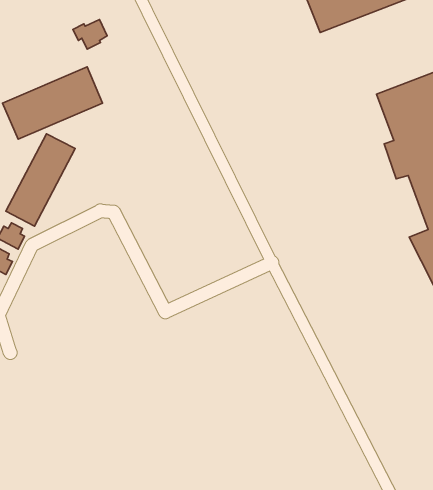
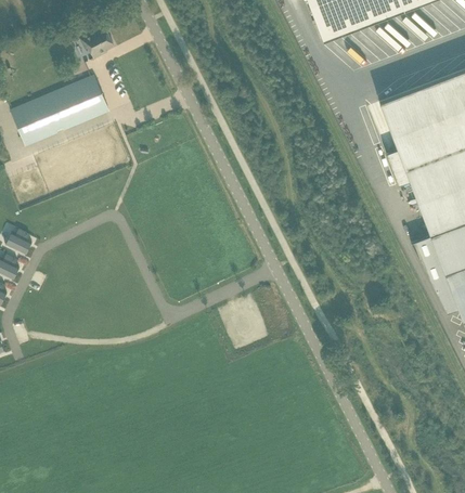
building: [6,134,75,226] -> none

